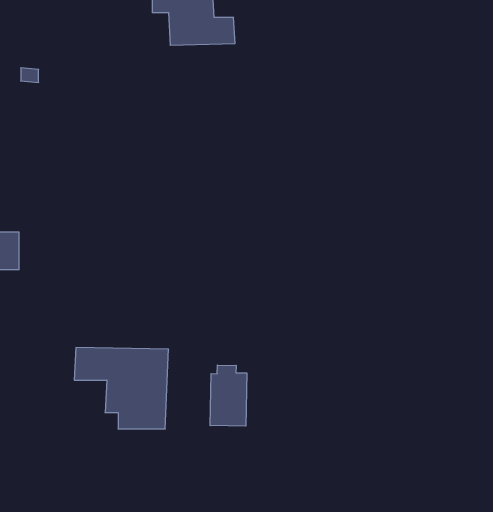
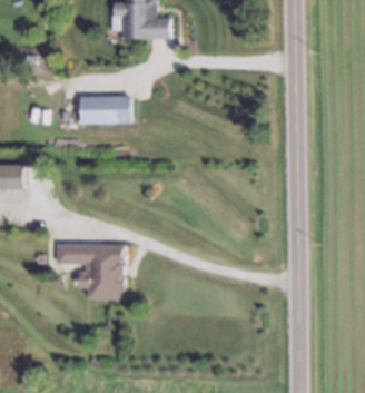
building: none -> [81,96,131,124]
building: [210,365,247,426] -> none

